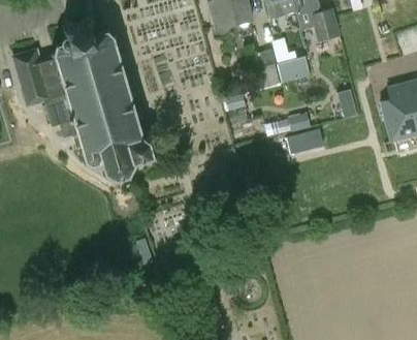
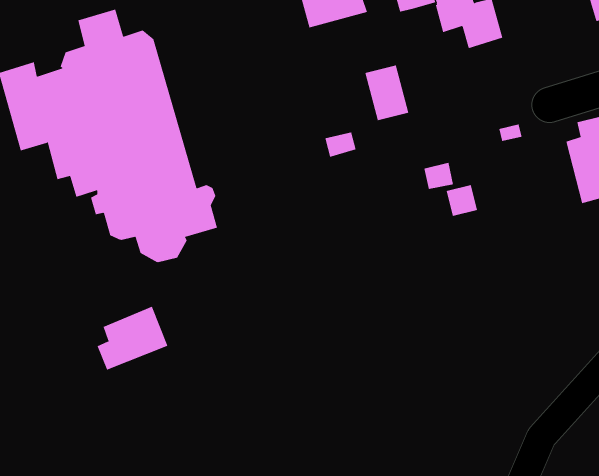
building: [278,58,311,83] -> none
building: none -> [97,306,168,371]

